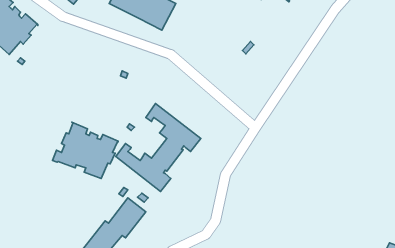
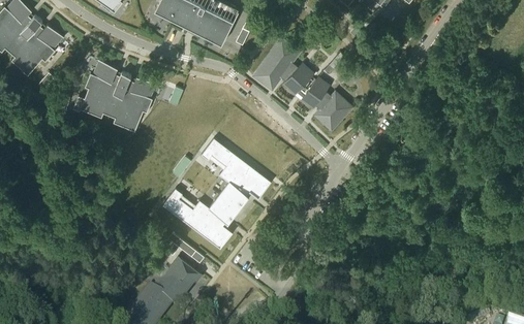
building: none -> [254,40,350,130]
building: [52,122,118,179] -> [72,61,156,132]

